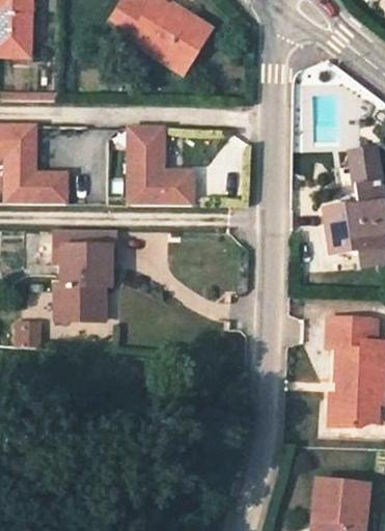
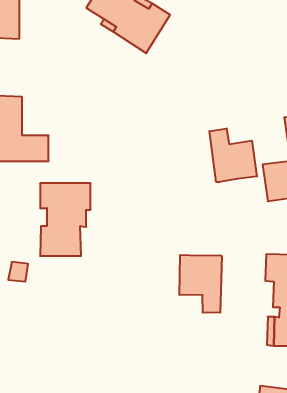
building: [127,128,191,204] -> none
building: none -> [209,128,257,182]
building: none -> [179,255,222,313]

